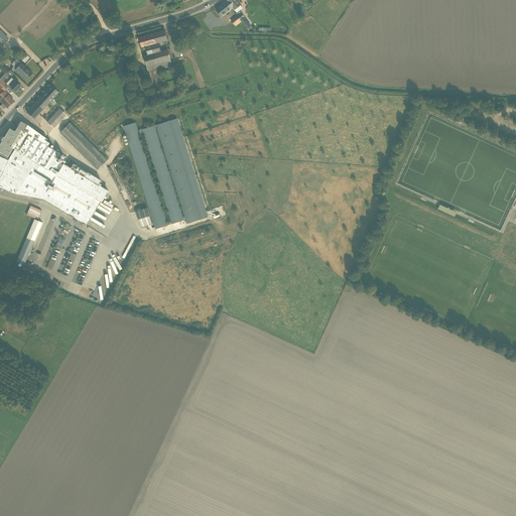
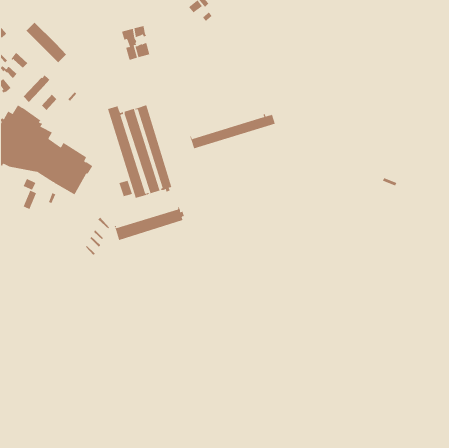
building: [59,121,107,168] -> [26,22,67,63]
building: none -> [190,113,275,149]
building: none -> [114,206,184,241]

